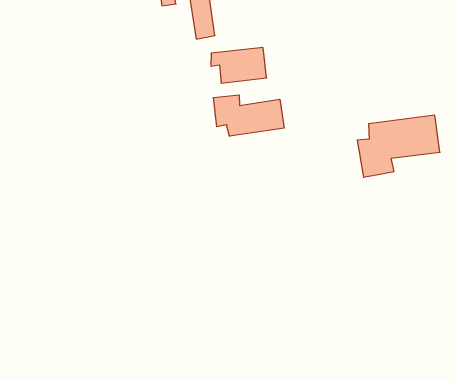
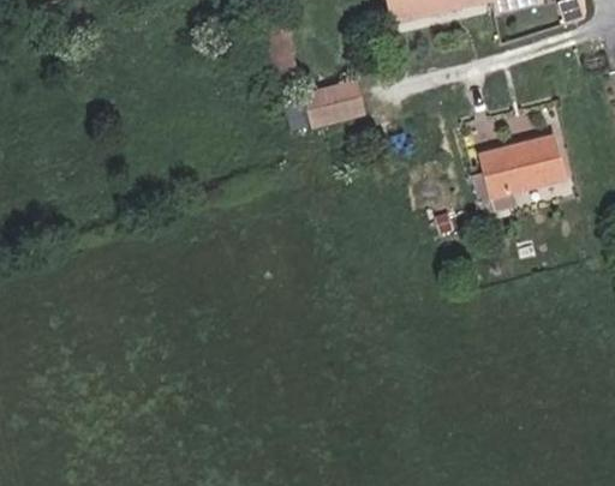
building: [213,95,284,136] -> none

